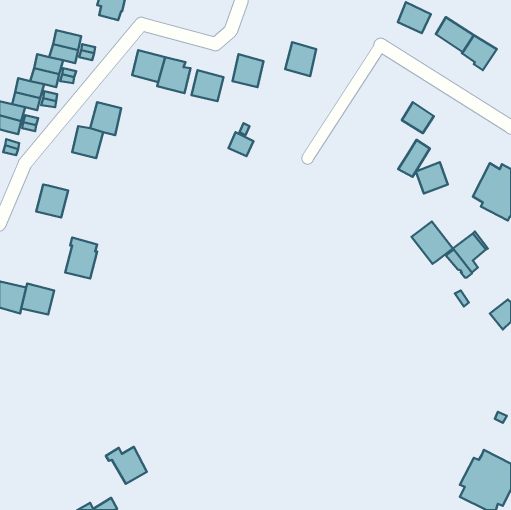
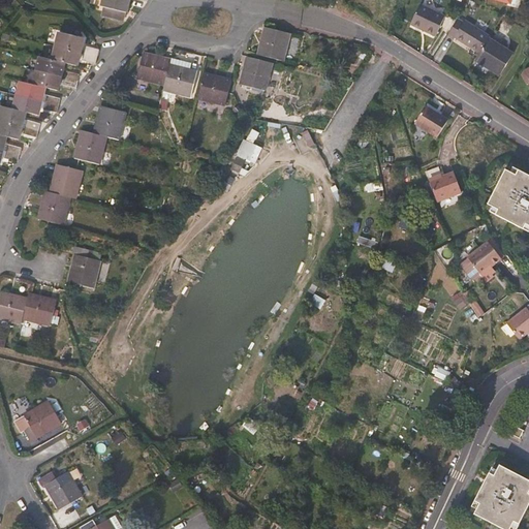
building: [285,42,316,76] -> [257,26,289,61]
building: [398,140,430,177] -> none
building: none -> [50,163,82,197]
building: [411,221,453,264] -> none
building: none -> [18,401,60,442]
building: [106,447,147,484] -> [38,470,81,508]

